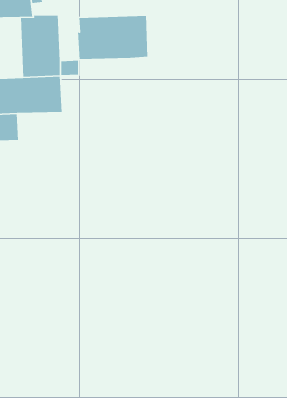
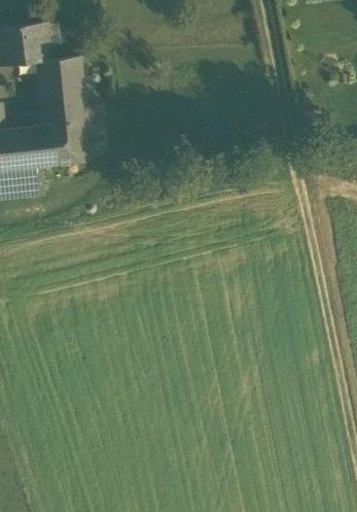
building: [77,15,148,60] -> none

